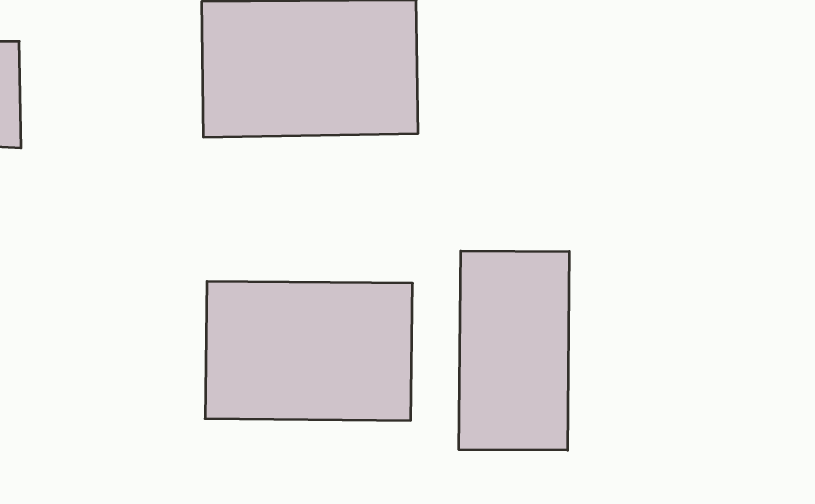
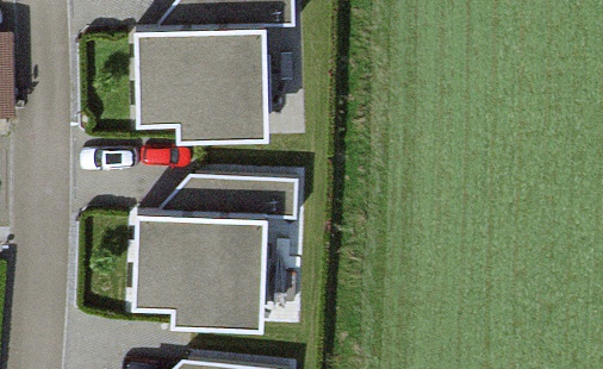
building: [459,251,569,450] -> none

